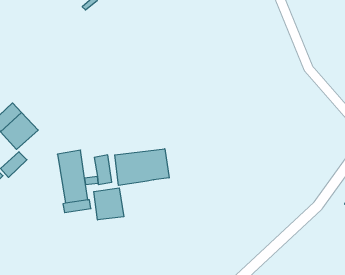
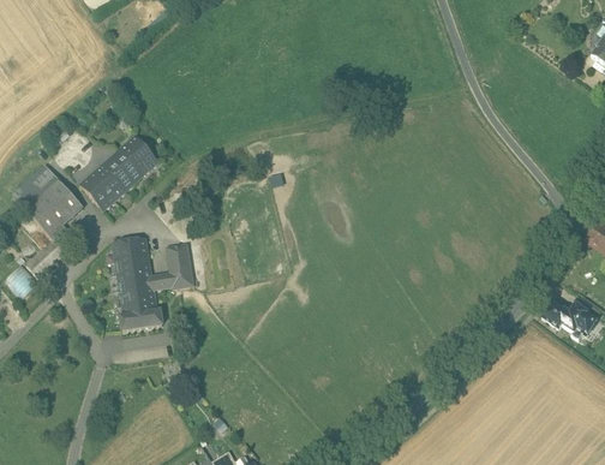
building: none -> [79,133,158,209]
building: [115,149,169,185] -> none
building: [94,188,124,220] -> none

